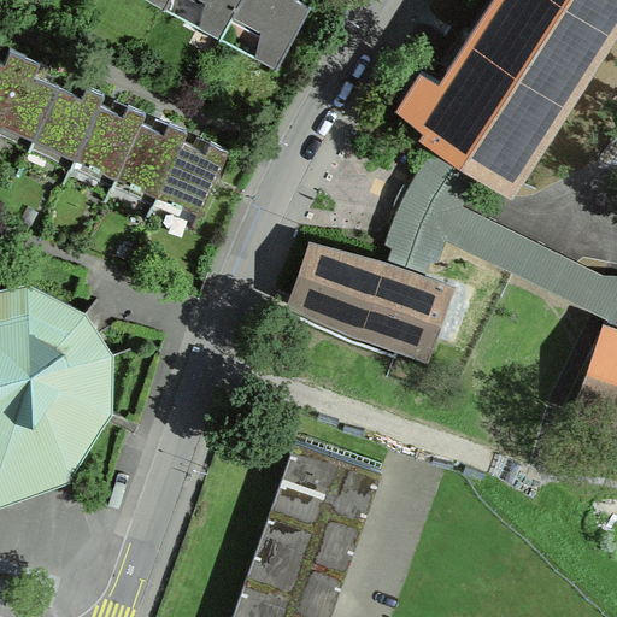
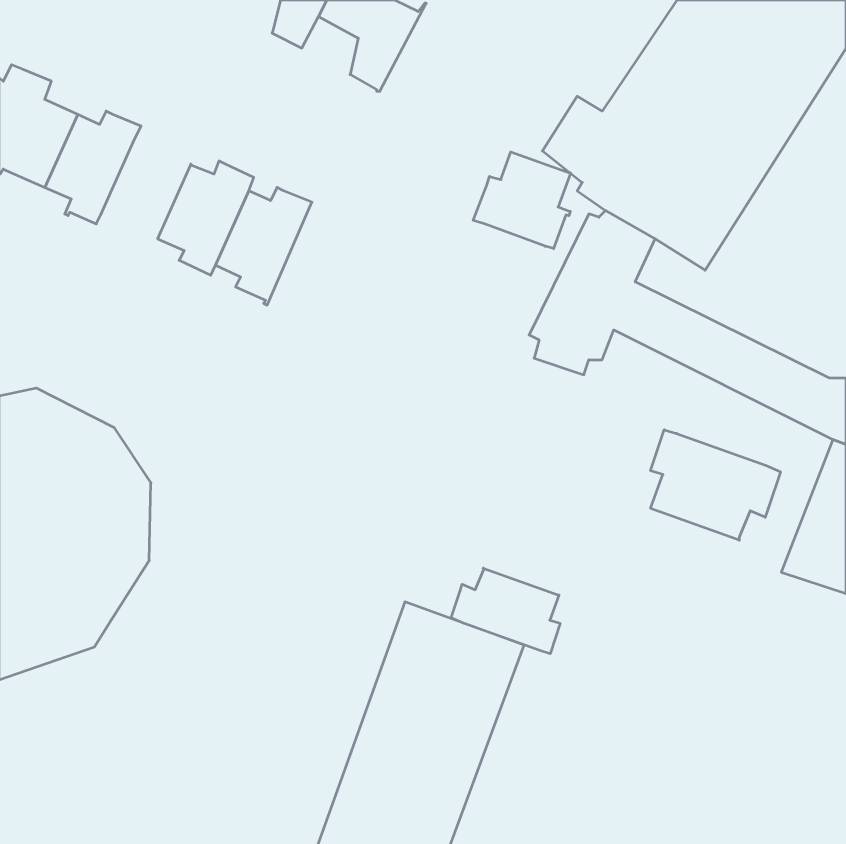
building: [74,101,143,183] -> none
building: none -> [473,152,571,249]
building: [286,241,456,365] -> none
building: none -> [651,430,780,540]
building: none -> [451,568,560,654]

